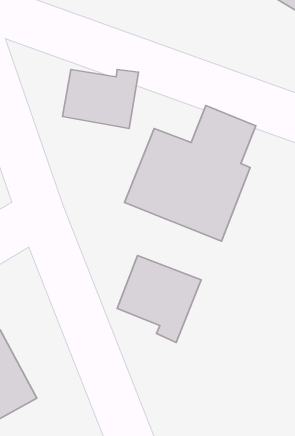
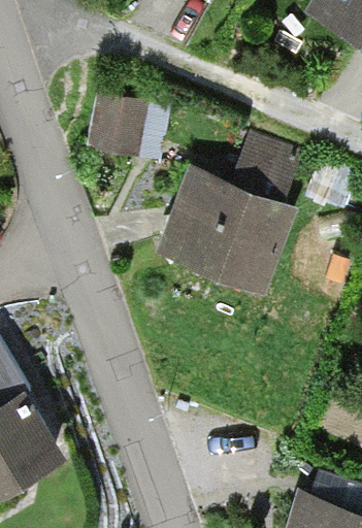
building: [117,256,201,342] -> none

